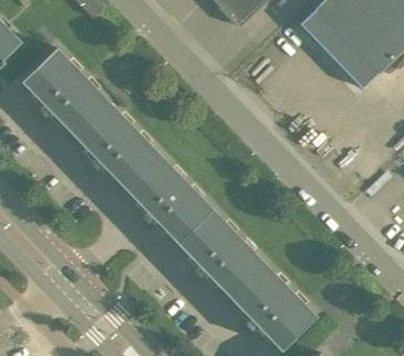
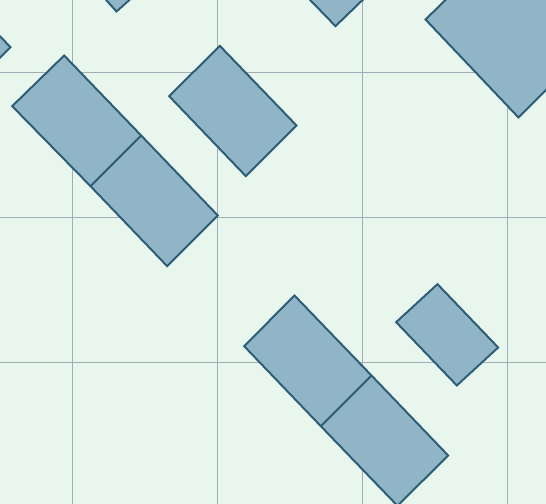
building: [125,155,211,243] -> [169,46,297,176]
building: none -> [396,284,498,385]

